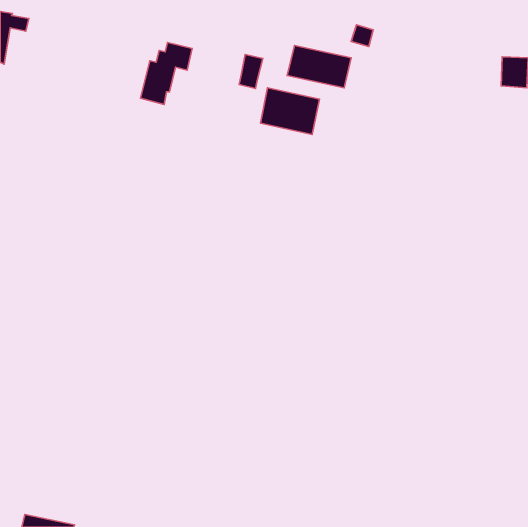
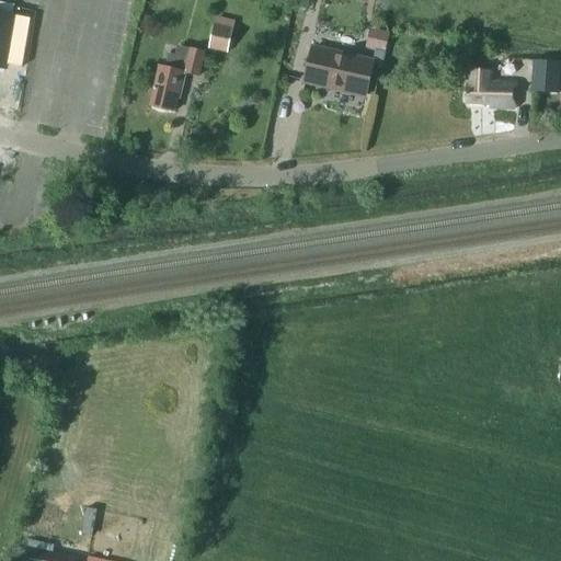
building: [239,55,263,89] -> [209,15,234,51]
building: none -> [467,69,516,107]
building: [260,88,319,134] -> none

